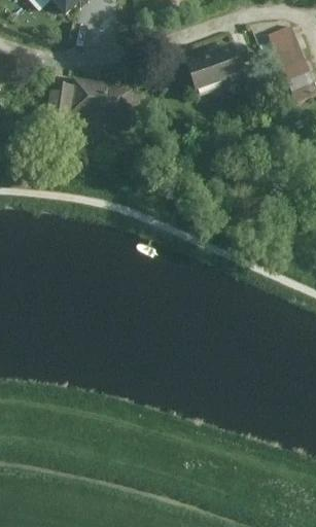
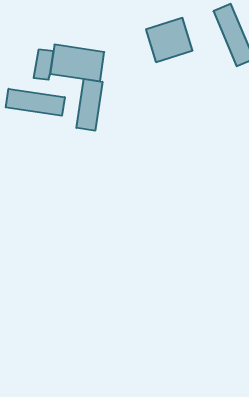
building: none -> [76,79,102,131]
building: none -> [6,89,65,116]

